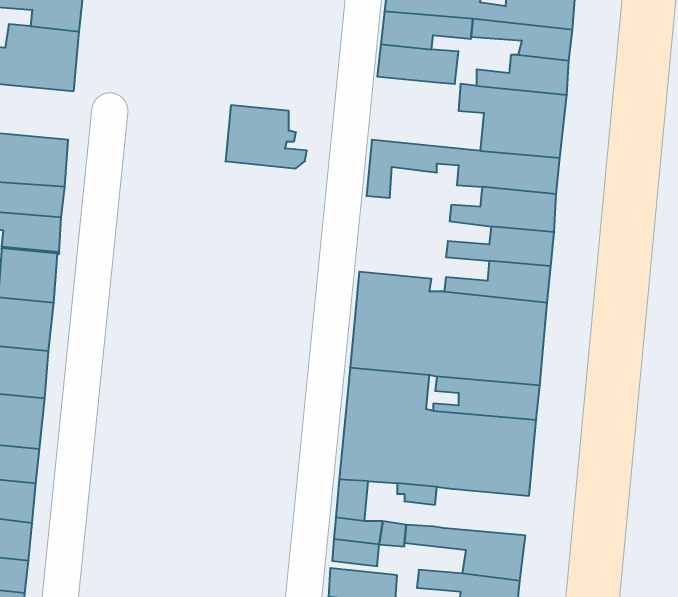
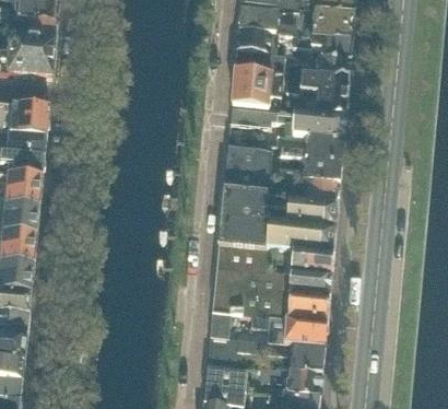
building: [225,105,307,168] -> [231,67,280,105]
building: none -> [223,143,270,189]
building: none -> [274,316,326,344]

